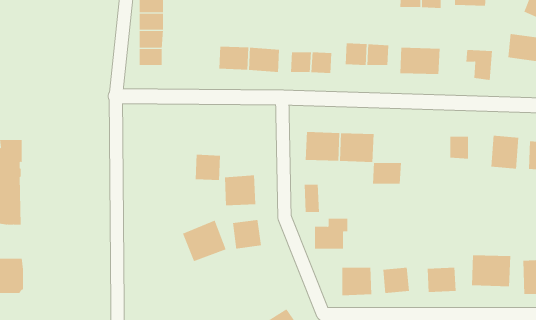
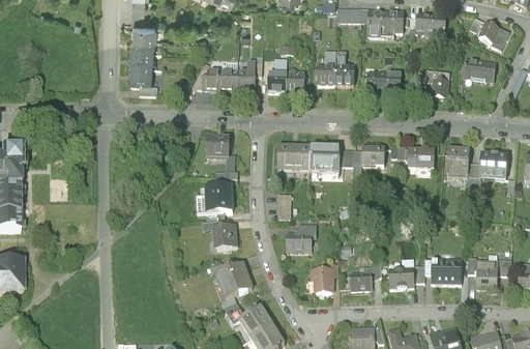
building: [195,154,221,181] -> [207,137,231,161]
building: [372,162,402,184] -> [361,148,388,168]
building: [182,220,226,262] -> [214,263,255,301]

